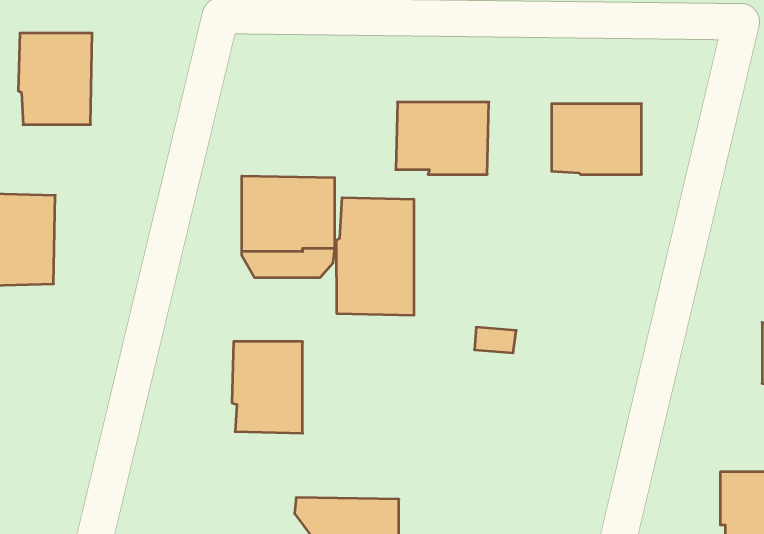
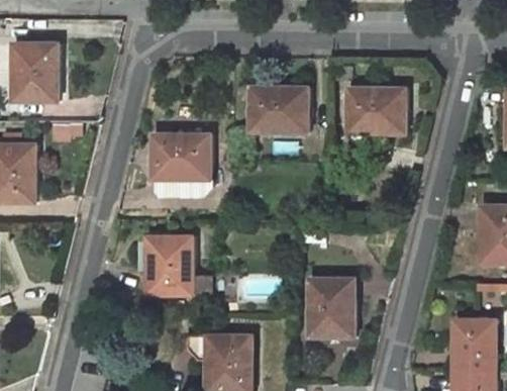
building: [336,198,414,315] -> none
building: none -> [308,279,353,336]

